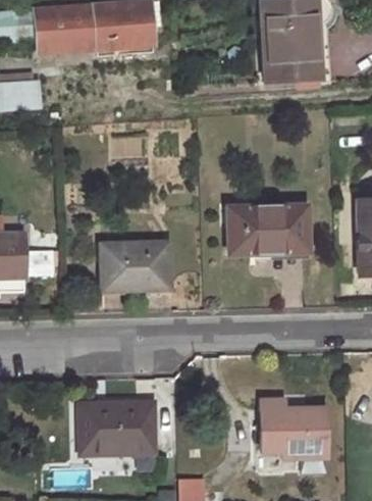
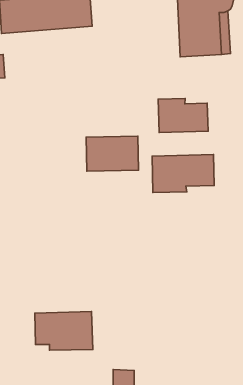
building: none -> [158,99,208,132]
building: [102,244,168,288] -> [86,136,139,171]
building: [261,400,325,457] -> none

